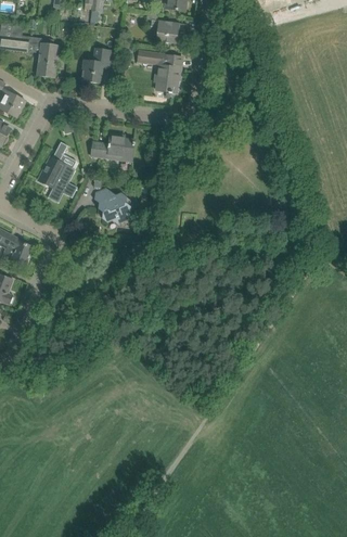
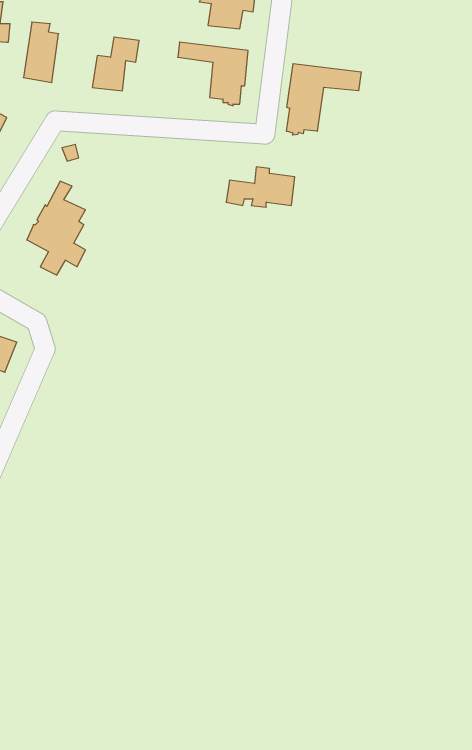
building: none -> [287,64,361,135]
building: [90,132,134,158] -> [226,167,295,207]
building: [93,188,130,222] -> none

